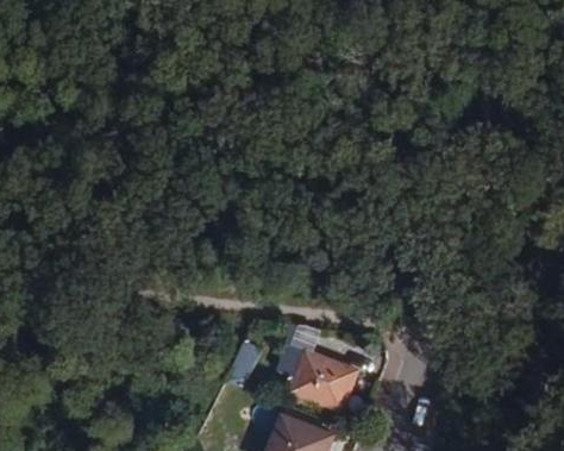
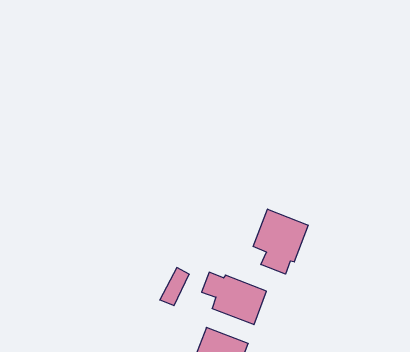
building: none -> [253,209,308,274]

